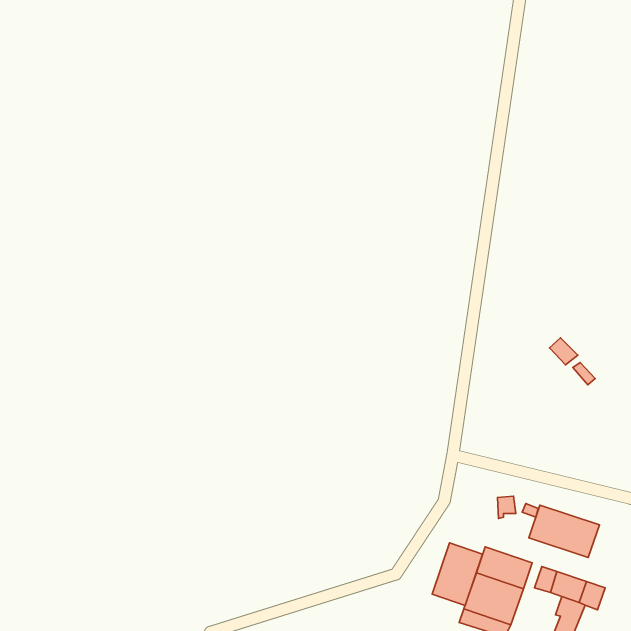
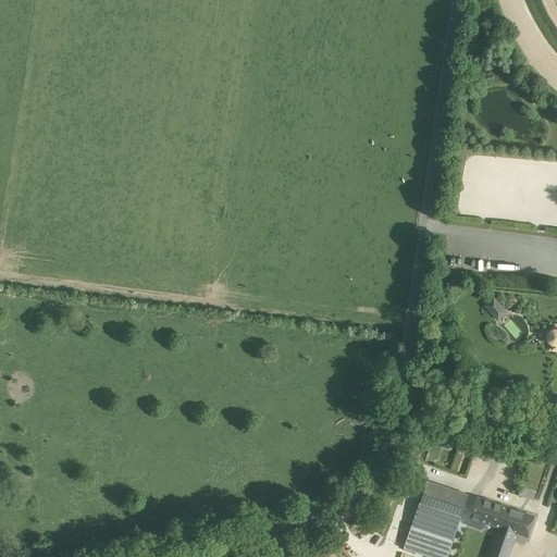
building: [529,505,599,558] -> none
building: [432,543,483,605] -> none

